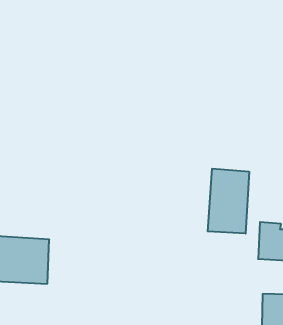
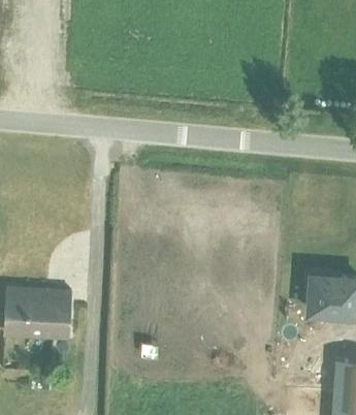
building: [208,169,249,234] -> none

